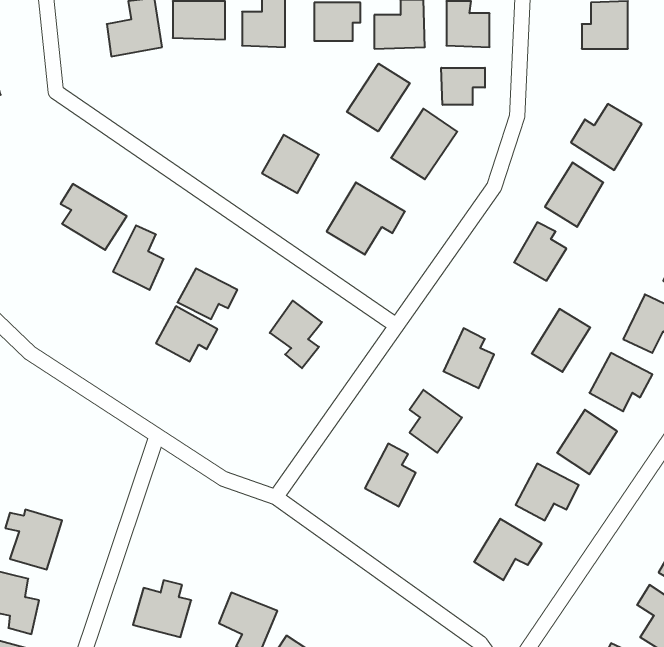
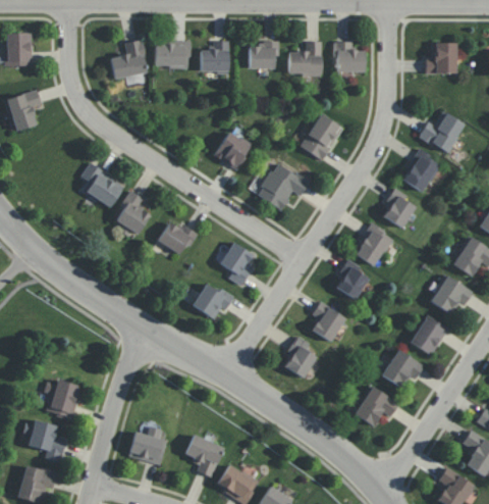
building: [347,64,410,131] -> none
building: [441,68,485,105] -> none
building: [156,306,217,362] -> [193,282,233,318]
building: [532,309,590,372] -> [355,224,393,266]

